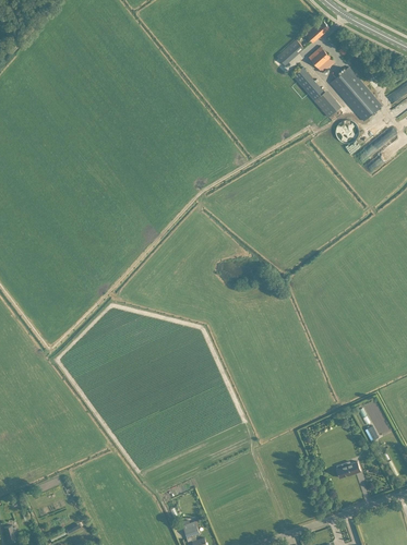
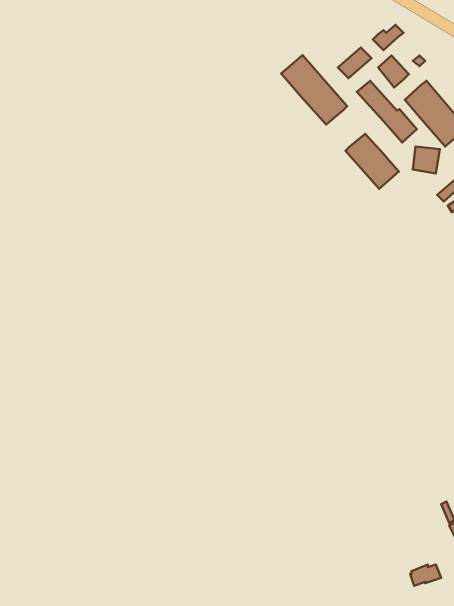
building: none -> [281,55,347,124]
building: none -> [346,134,399,189]

